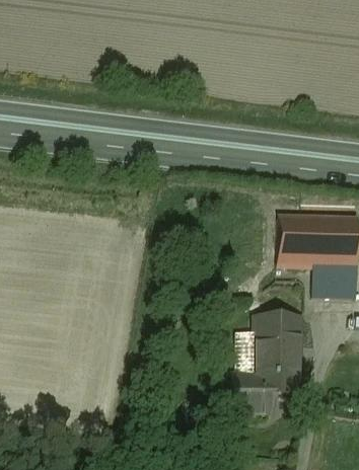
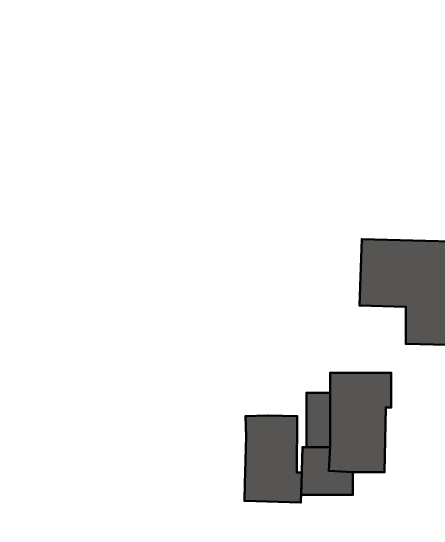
building: none -> [245,416,302,502]

